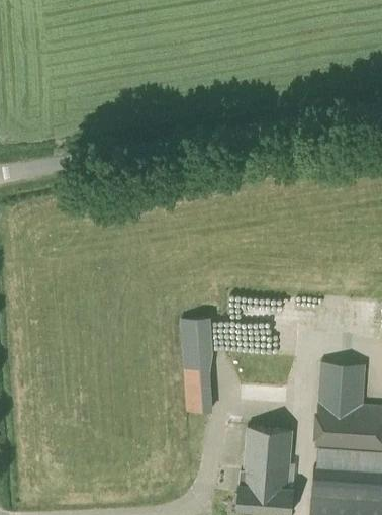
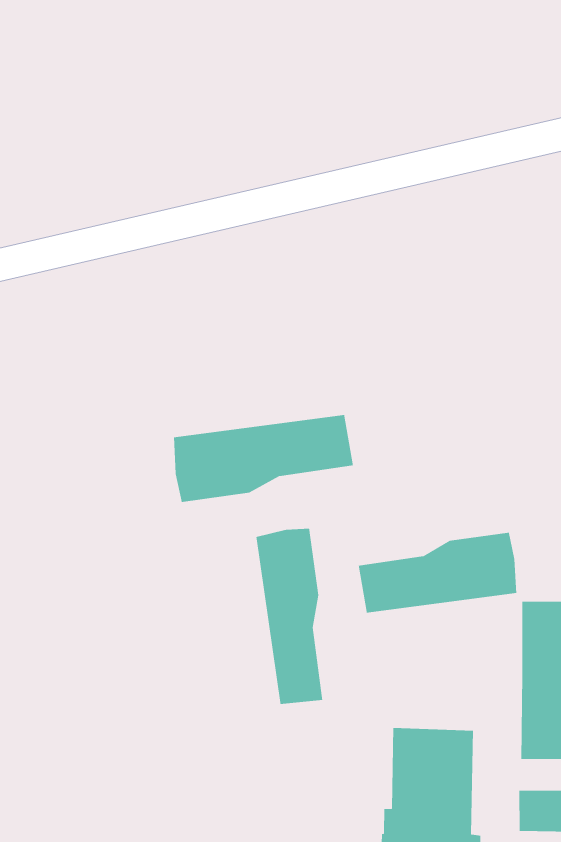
building: none -> [173,414,354,503]
building: none -> [358,532,517,613]

